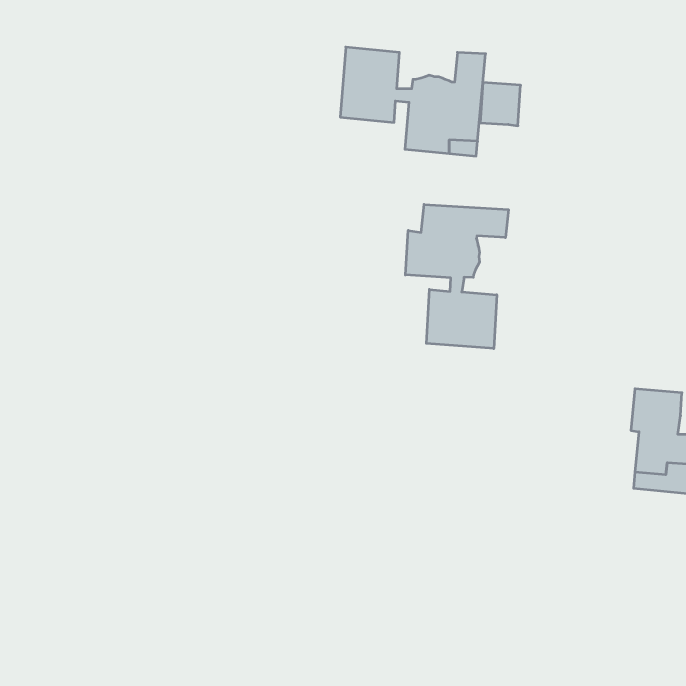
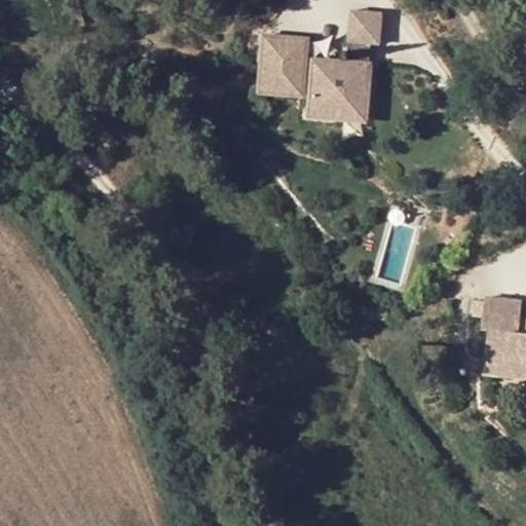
building: [480,83,521,126] -> [350,9,381,42]
building: [405,204,508,349] -> none

